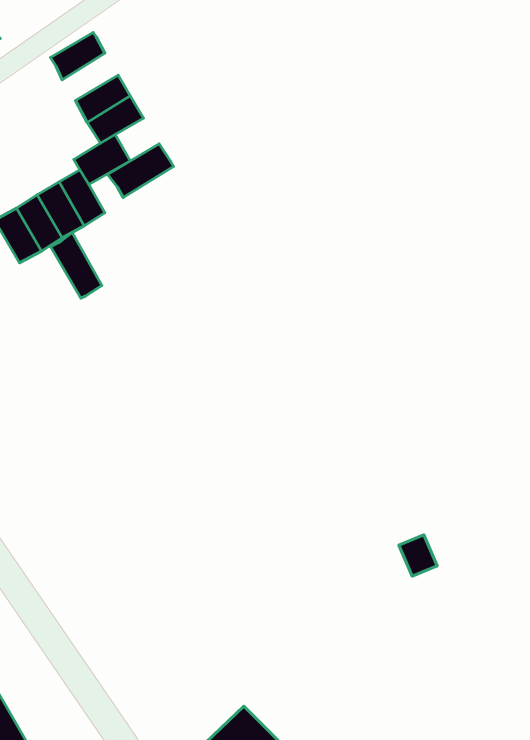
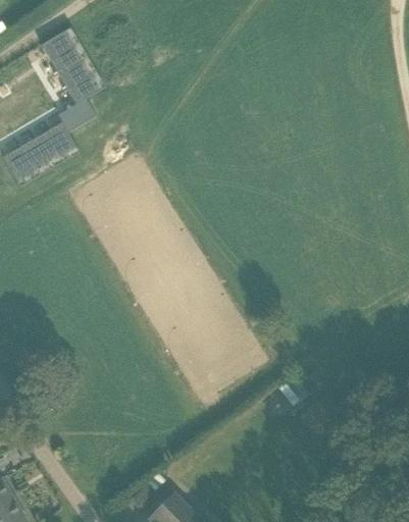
building: none -> [46,43,85,75]
building: [107,144,173,198] -> none
building: [51,232,102,298] -> none

